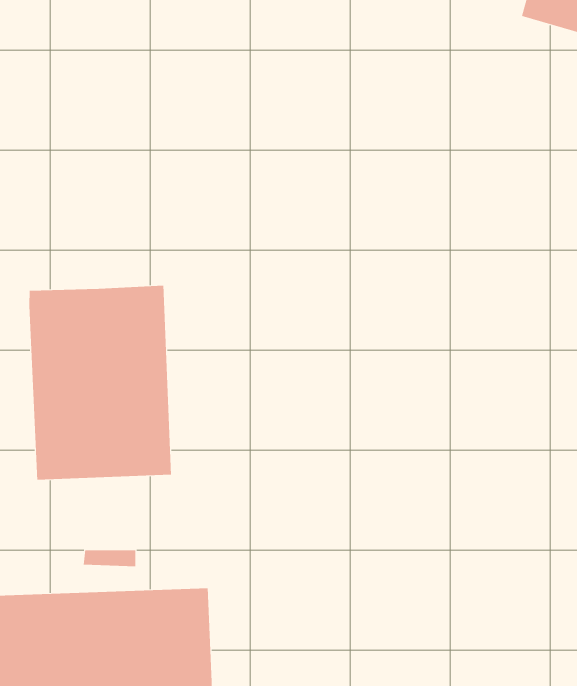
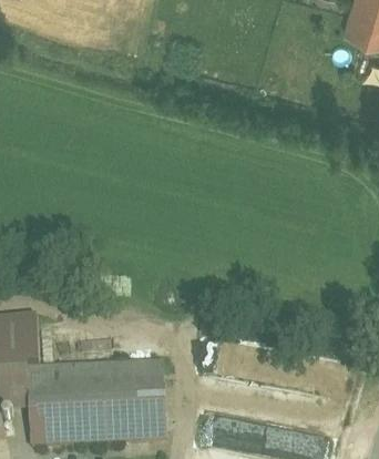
building: [29,285,172,481] -> none

